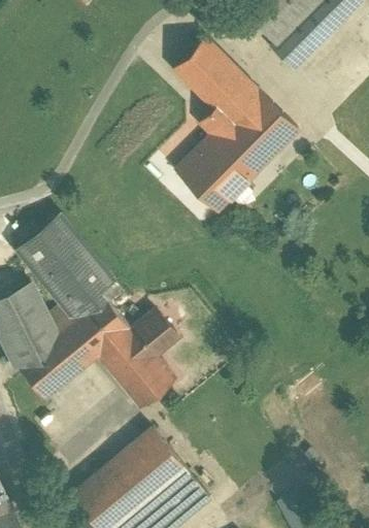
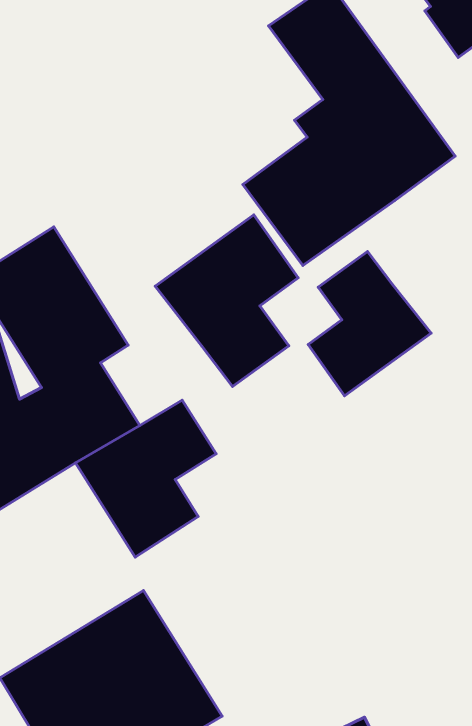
building: none -> [155,215,298,386]
building: none -> [308,252,431,396]

